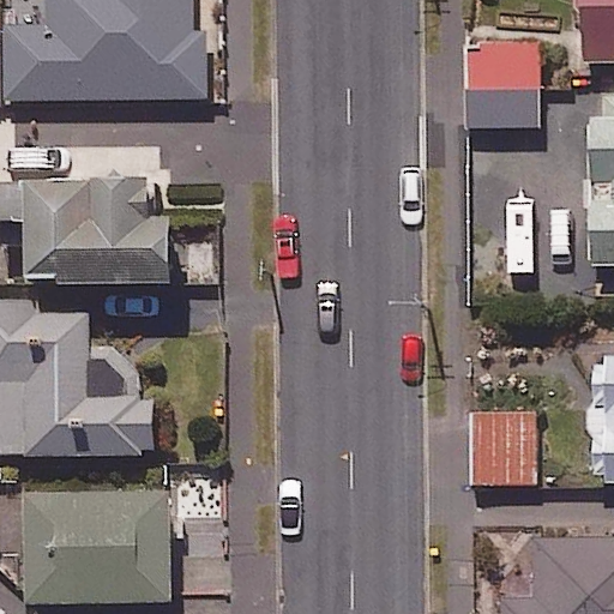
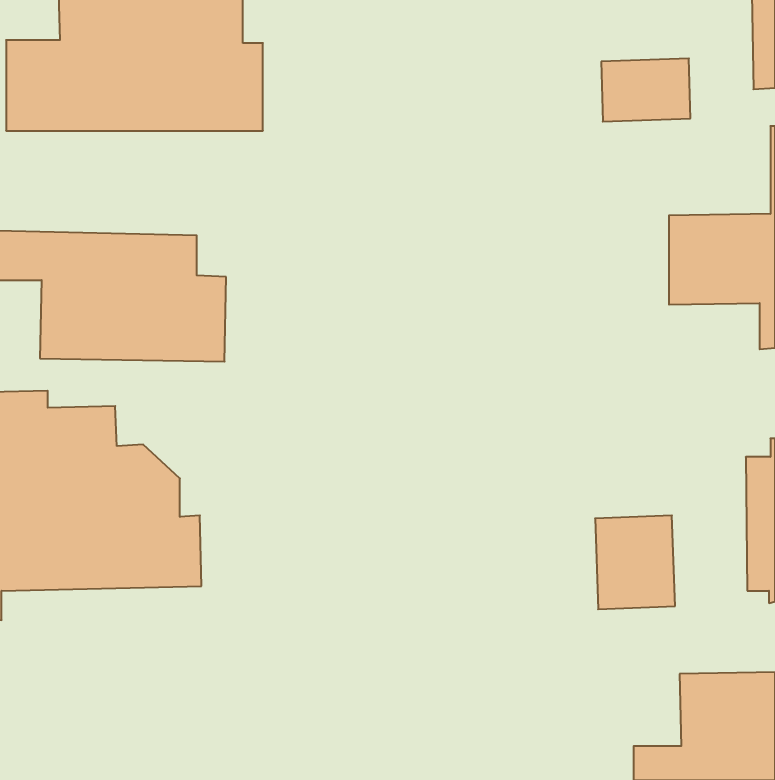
building: [29,488,176,601] -> none

